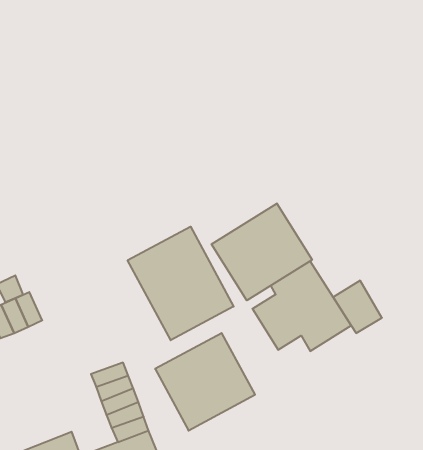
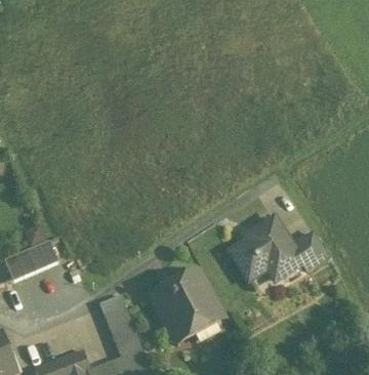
building: [212,203,312,300] -> none
building: [128,227,234,340] -> none

